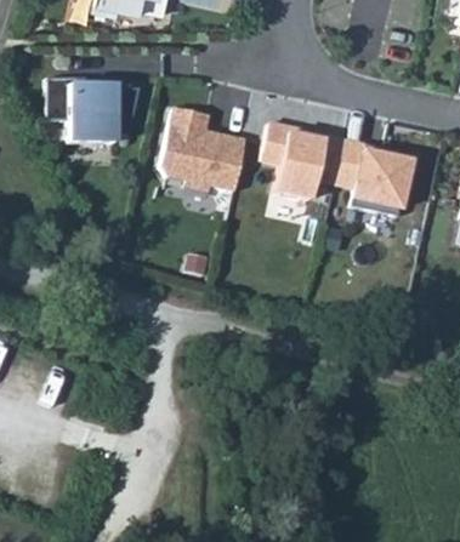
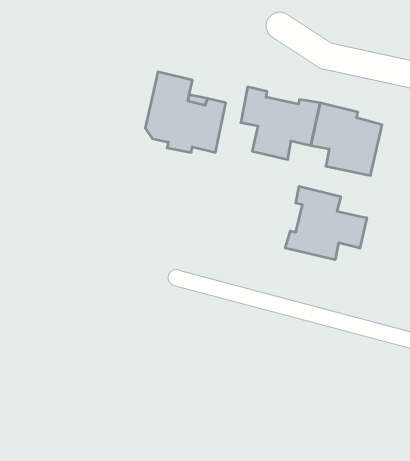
building: [50,72,142,141] -> none
building: none -> [285,186,367,260]

